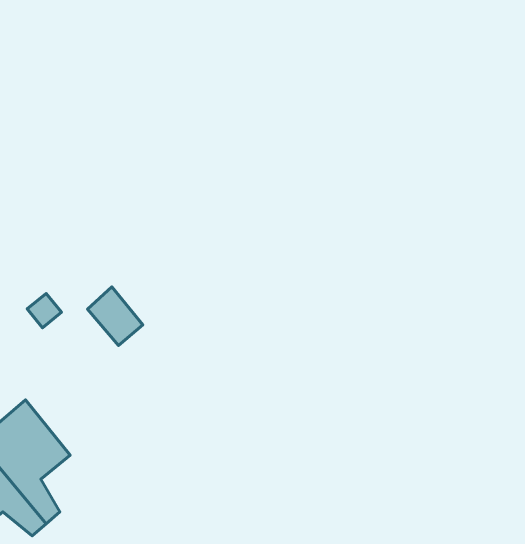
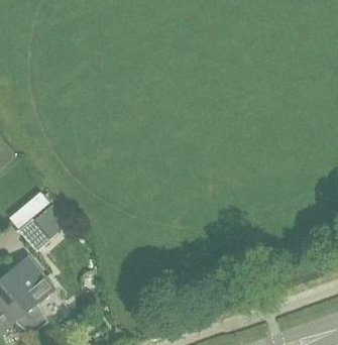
building: [88,287,143,345] -> [19,217,51,251]

